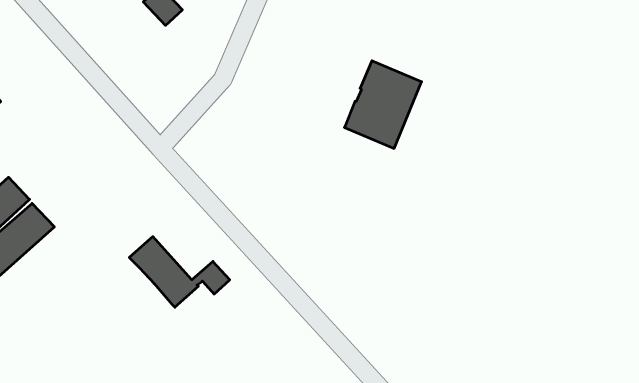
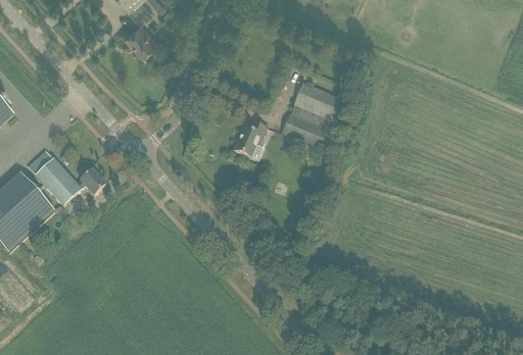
building: none -> [234,121,267,158]
building: [129,237,230,307] -> [28,150,106,205]

